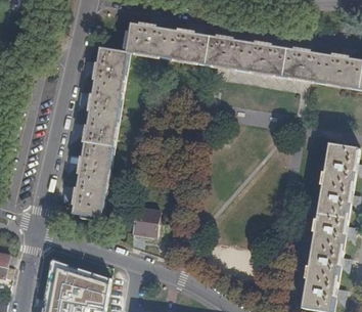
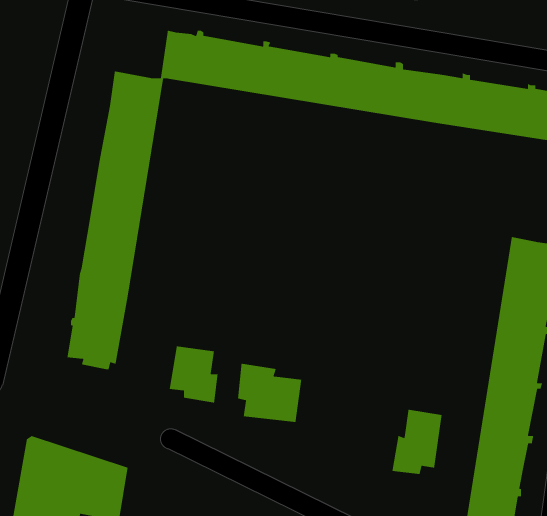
building: none -> [237,363,302,423]
building: none -> [391,409,443,475]

